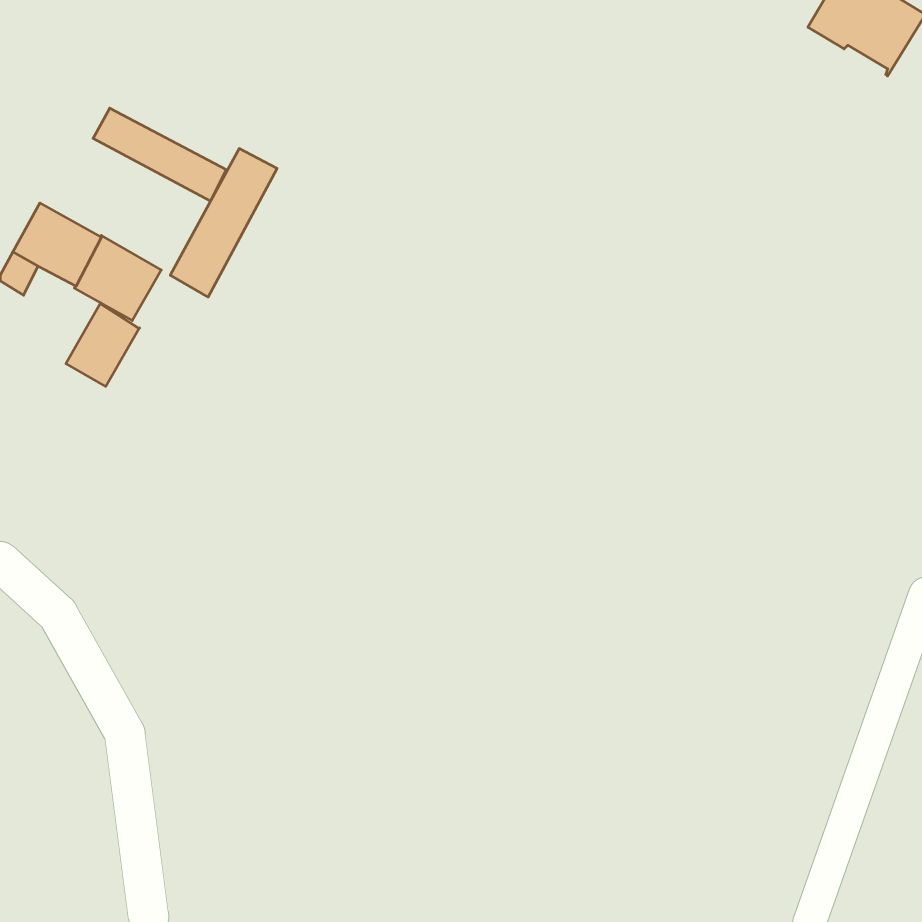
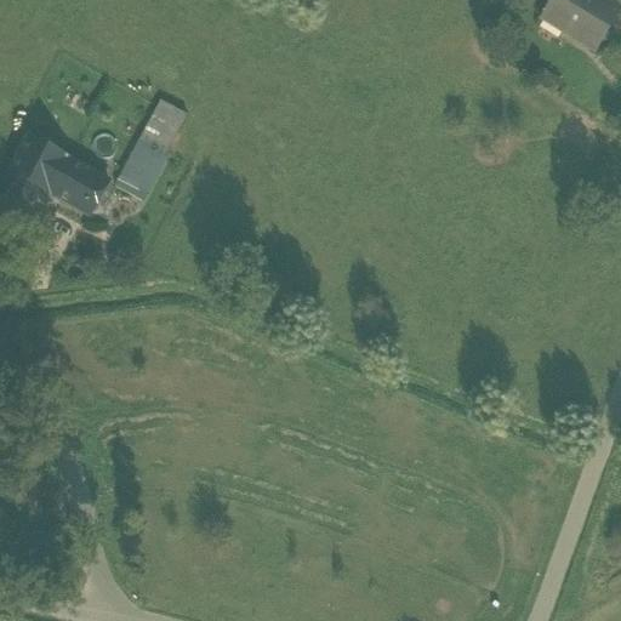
building: [93,108,226,201] -> none
building: [66,303,140,386] -> none

